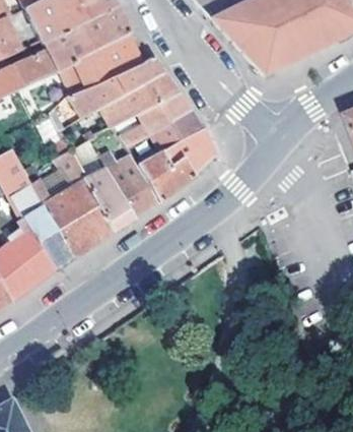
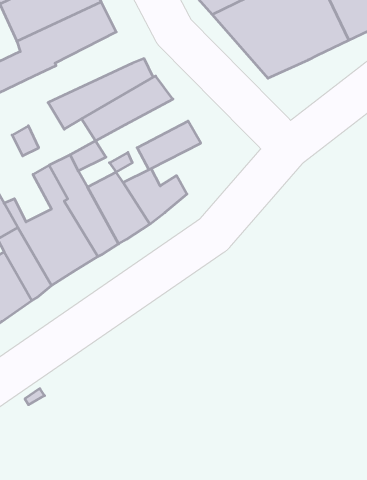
building: [56,32,142,94] -> none
building: [136,90,191,133] -> none
building: [158,129,213,174] -> none

